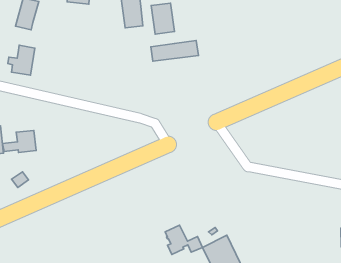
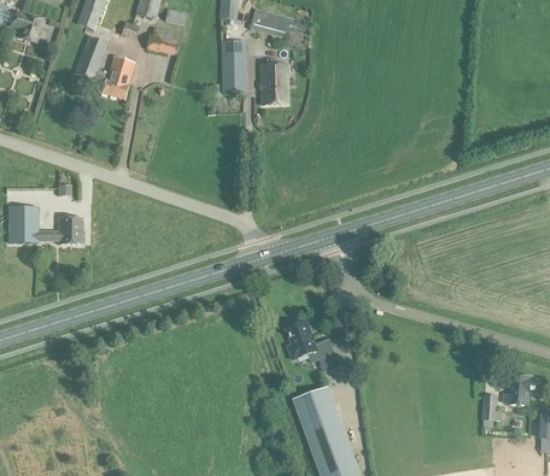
building: [151,40,198,61] -> none
building: [8,45,35,75] -> [94,55,133,98]
building: [165,225,202,254] -> [286,319,334,358]

